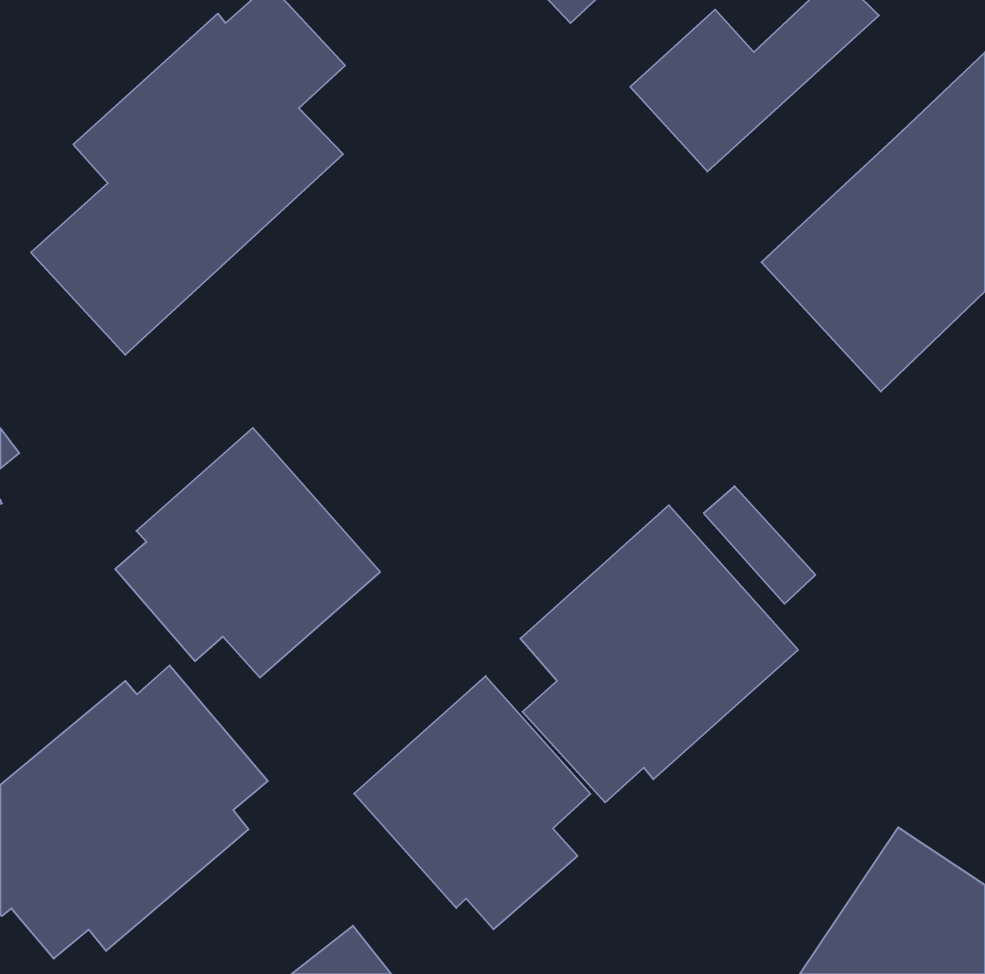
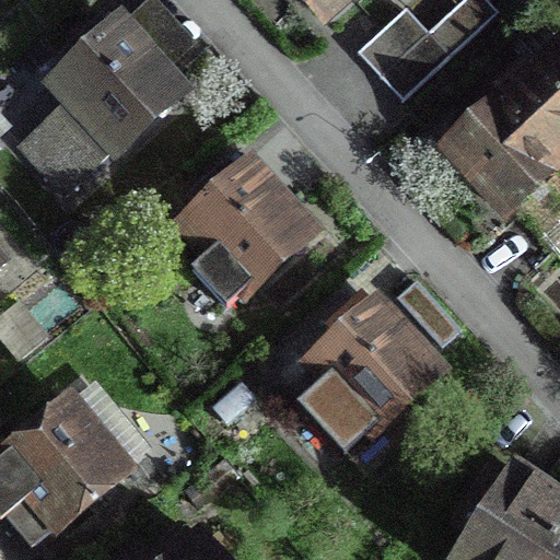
building: none -> [168,149,327,306]
building: [115,428,380,678] -> none
building: [354,676,590,929] -> none

